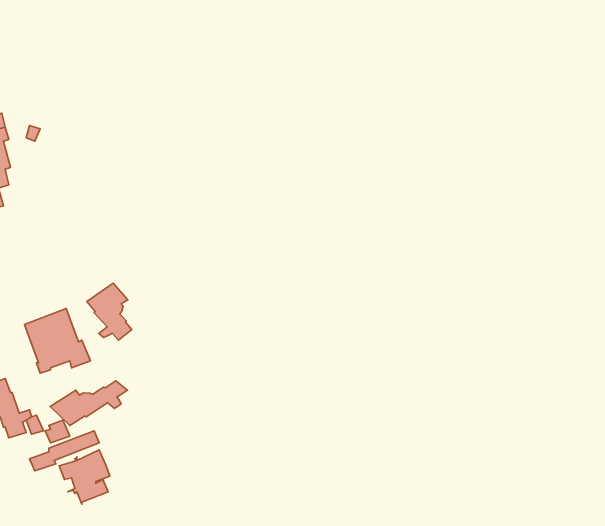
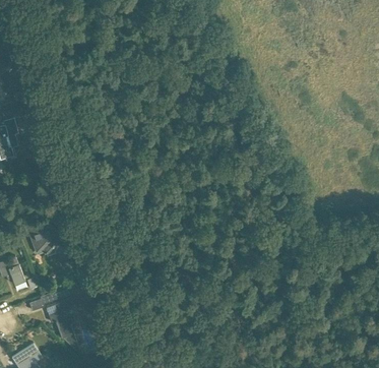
building: [87,283,132,340] -> none
building: [50,381,128,425] -> none

